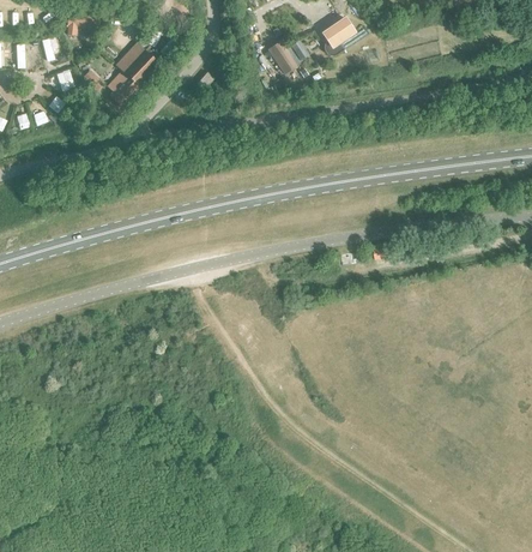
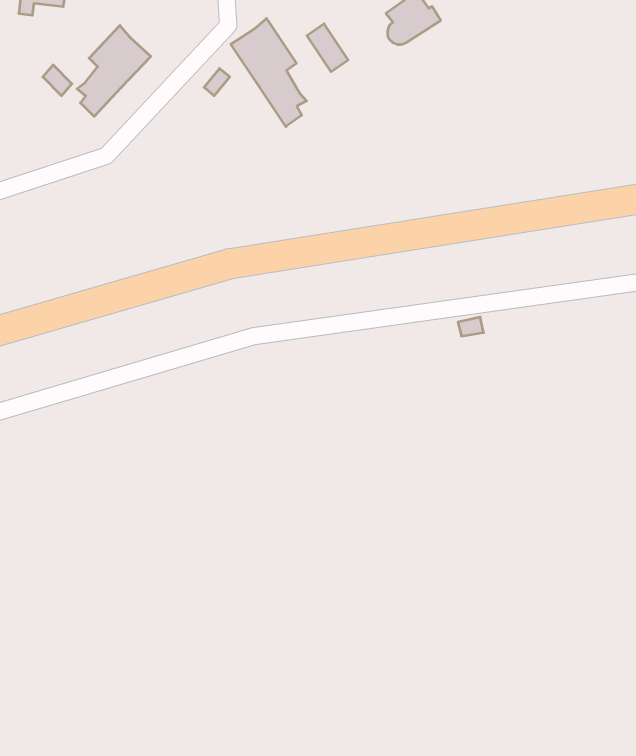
building: none -> [231,18,307,127]

